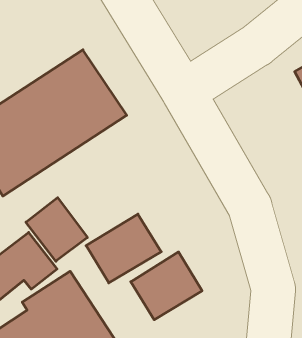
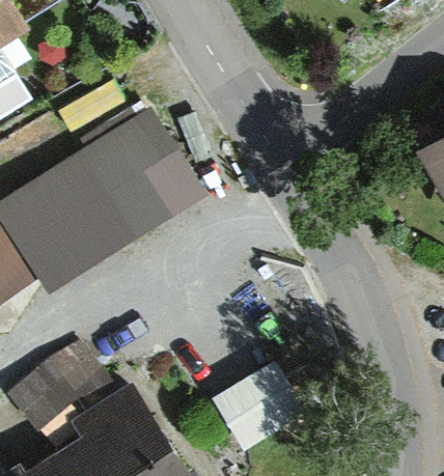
building: [26,198,87,261] -> none
building: [86,214,161,283] -> none

